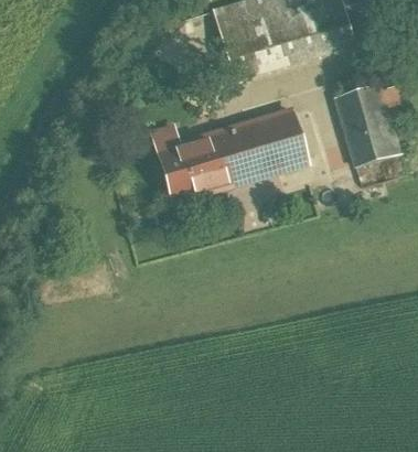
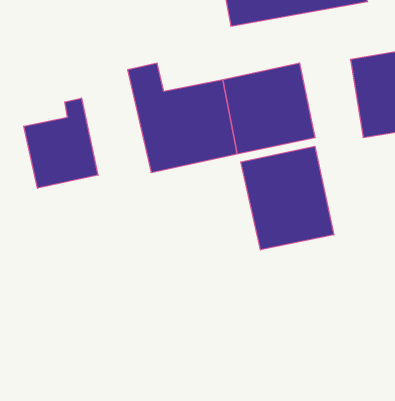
building: none -> [24,98,98,188]
building: none -> [241,146,334,250]

